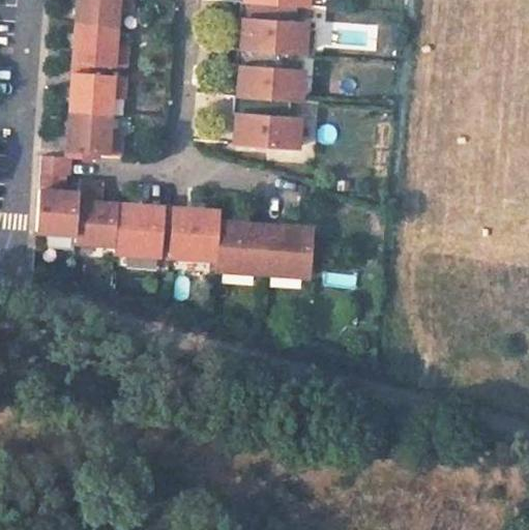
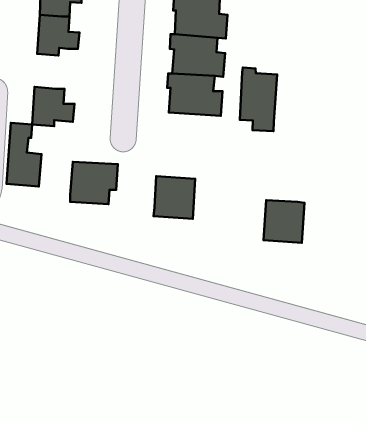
building: [71,72,124,115] -> none
building: none -> [240,68,277,131]
building: [77,182,118,244] -> none
building: [170,207,221,260] -> none
building: [264,225,314,276] -> [264,200,304,243]

